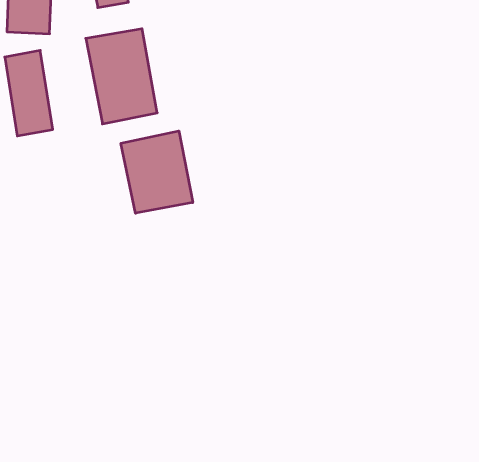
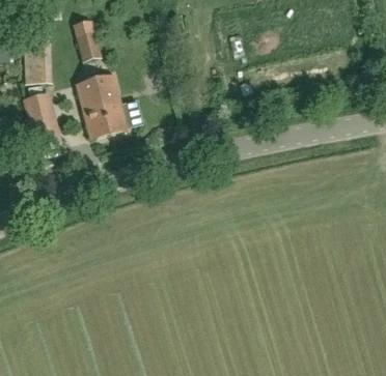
building: [121,131,193,213] -> none

